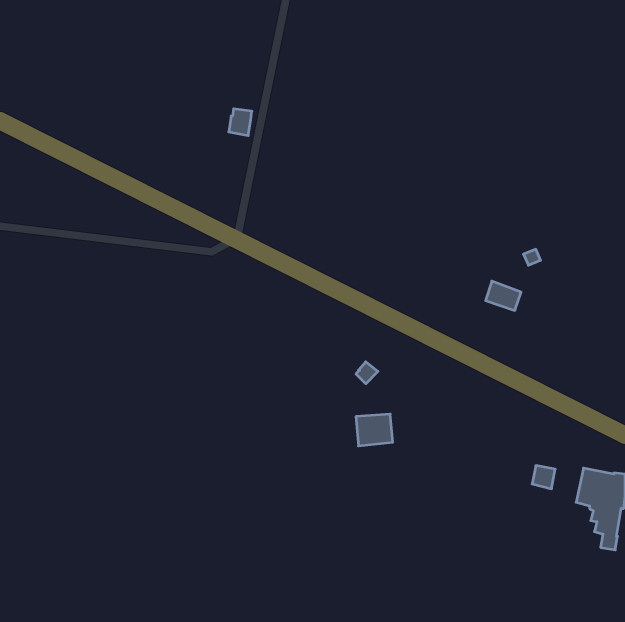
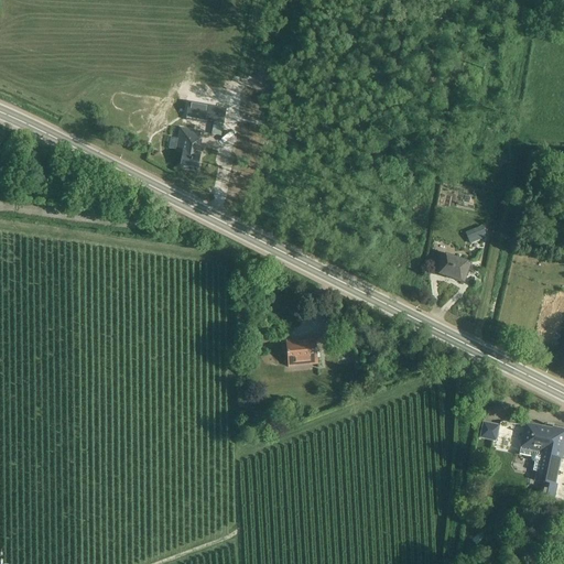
building: none -> [178,128,200,166]
building: [356,414,393,446] -> [285,337,318,366]

